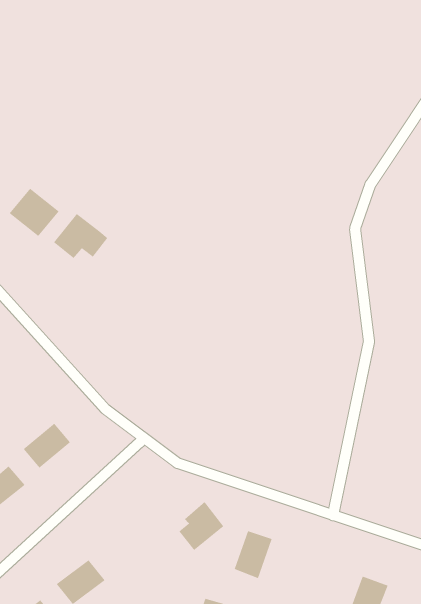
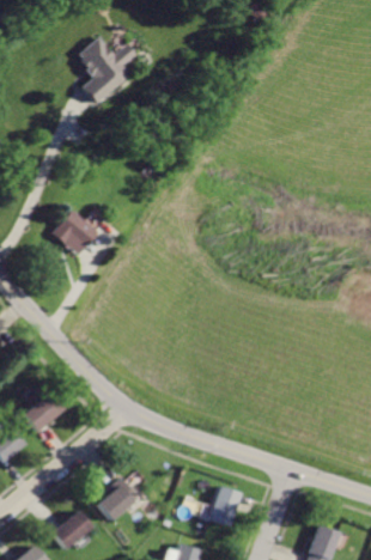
building: none -> [80,41,136,105]
building: [9,188,59,237] -> none
building: [179,501,224,551] -> [98,476,138,519]

